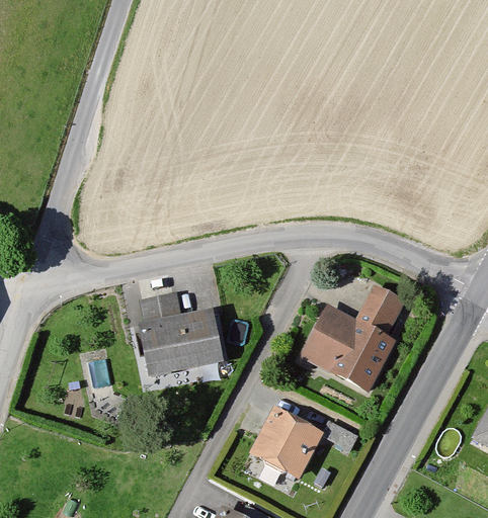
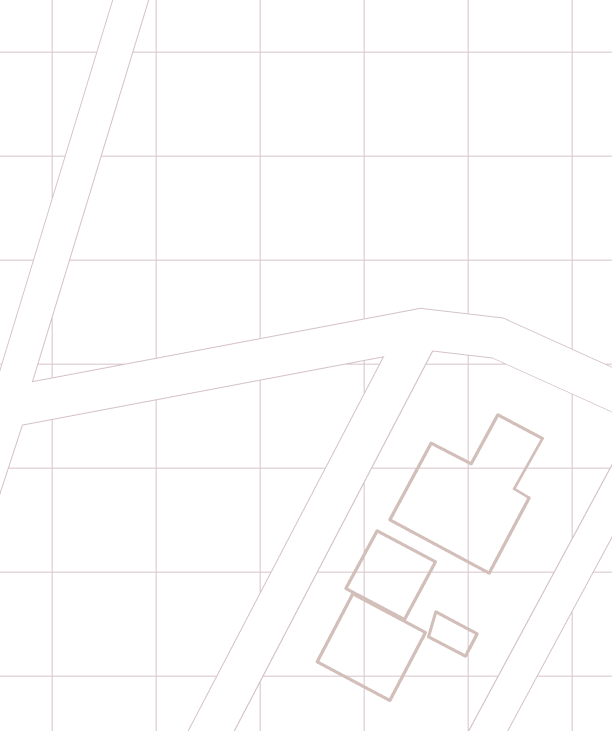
building: [137,290,223,376] -> none
building: none -> [346,531,435,619]

